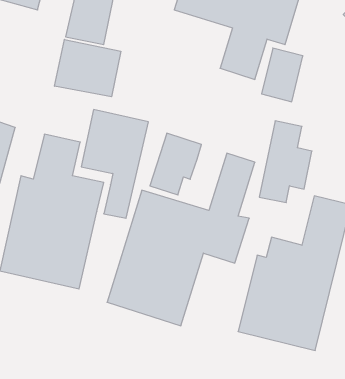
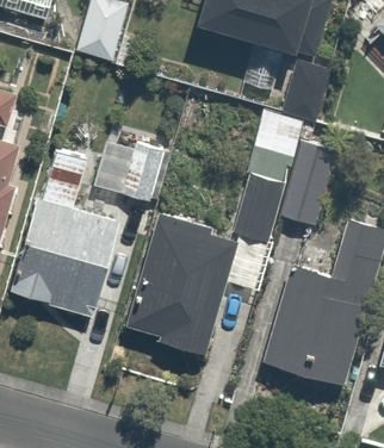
building: [55,39,121,97] -> none
building: [150,133,201,195] -> [252,112,306,178]

